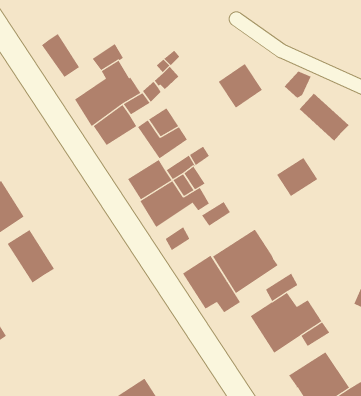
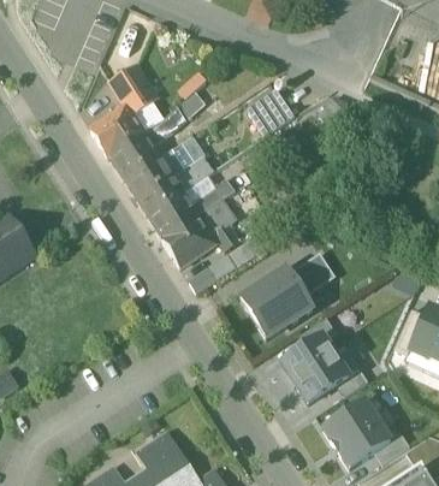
building: [41,33,80,78] -> none
building: [299,93,349,142] -> none
building: none -> [124,156,183,214]
building: [276,157,318,197] -> [290,253,336,296]
building: [7,229,55,283] -> none
building: [182,255,241,313] -> none

